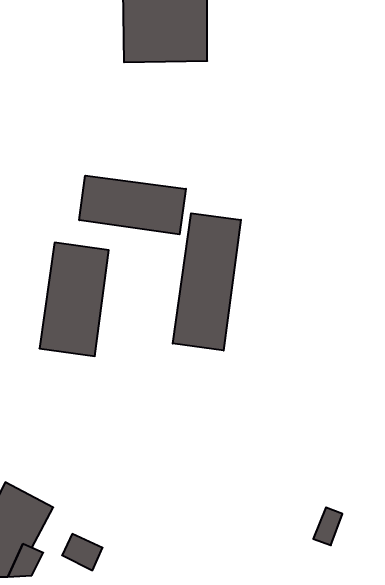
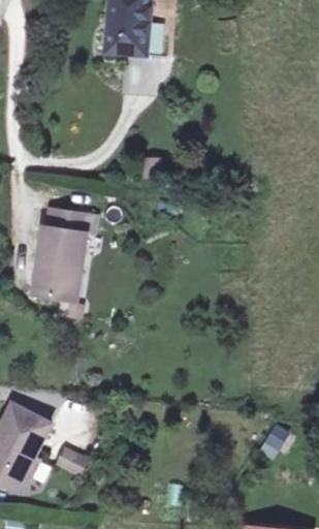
building: [79,176,186,234] -> none
building: [173,213,241,351] -> none

